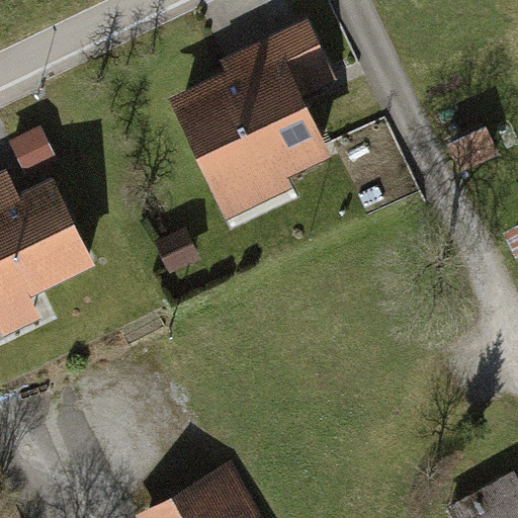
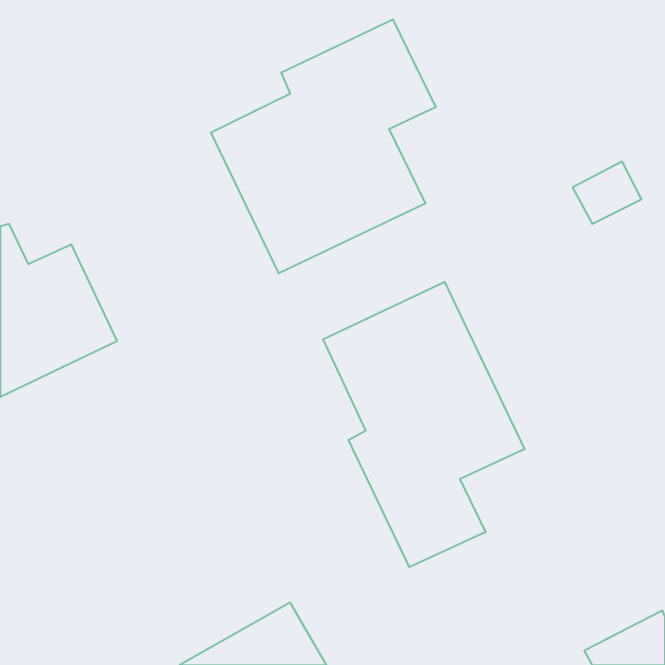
building: none -> [323,282,525,567]

